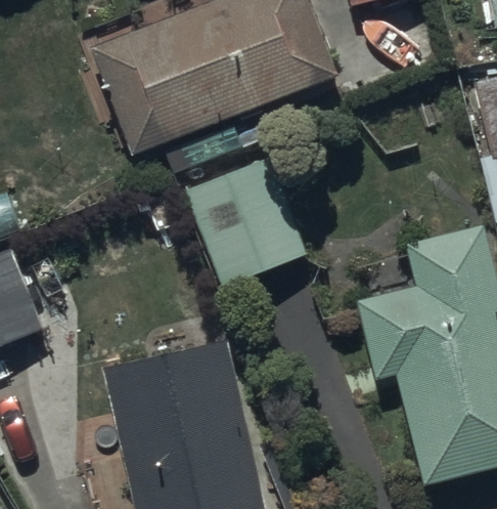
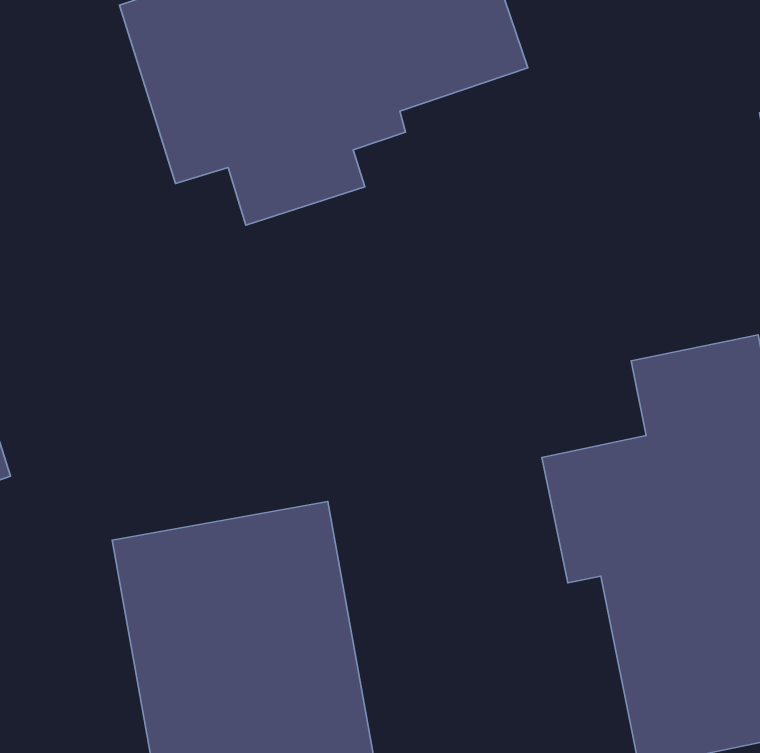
building: [184,159,305,285] -> none

